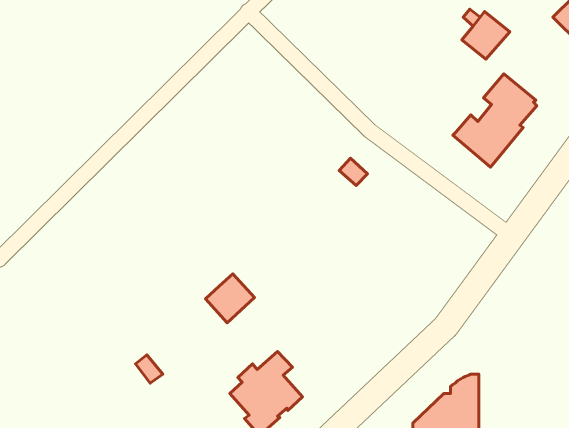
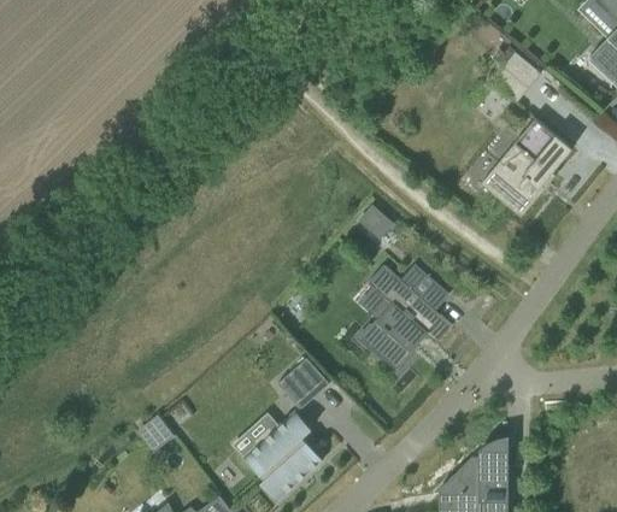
building: none -> [359,264,452,370]
building: [206,274,254,323] -> [277,358,329,410]

